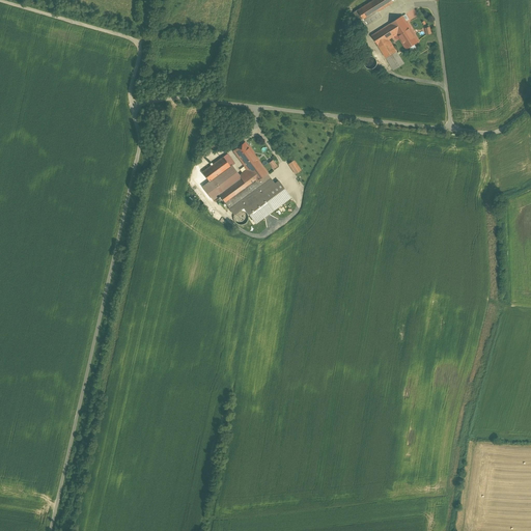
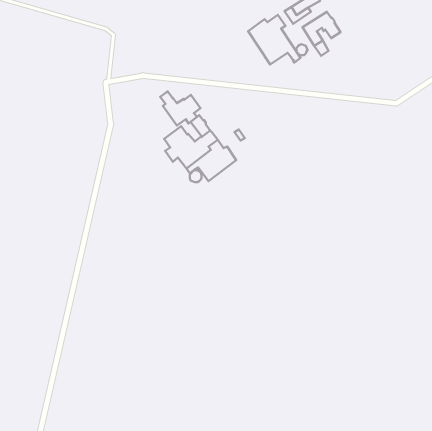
building: none -> [248,15,301,65]
building: none -> [160,91,200,125]

